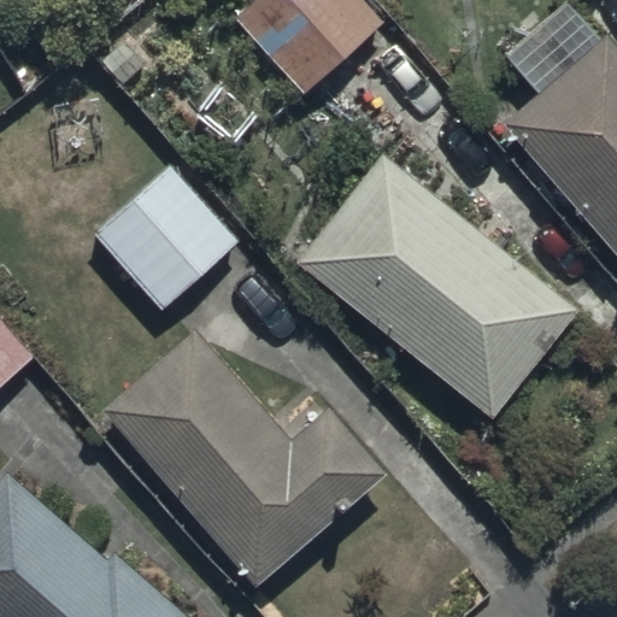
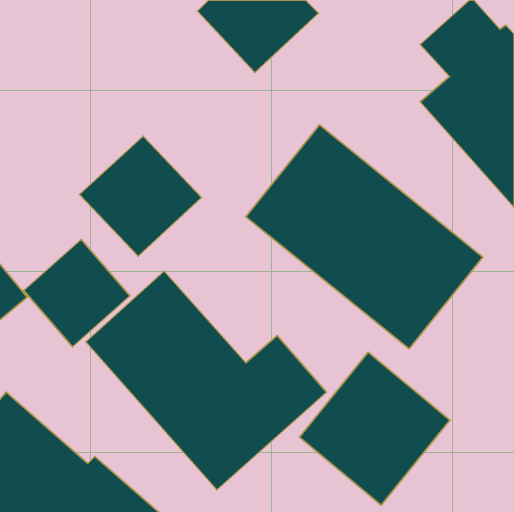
building: none -> [24,239,130,347]
building: none -> [300,352,450,505]

